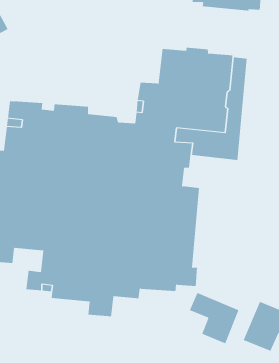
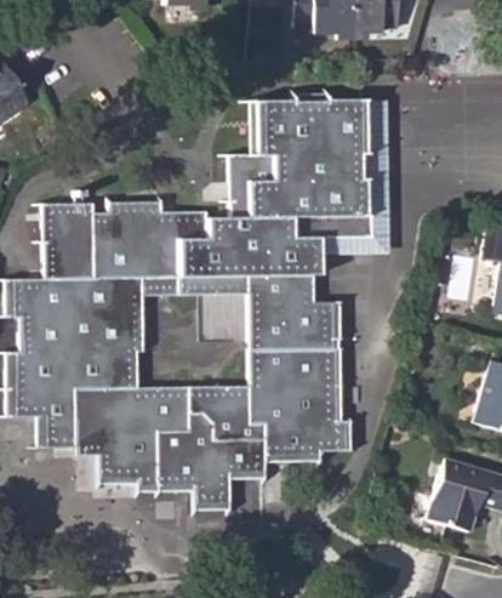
building: none -> [74,422,115,455]
building: [189,292,239,344] -> none

